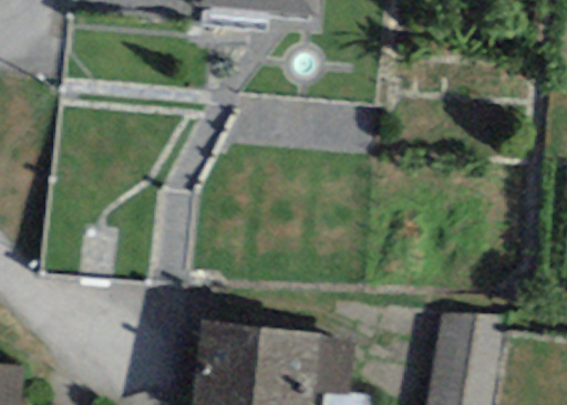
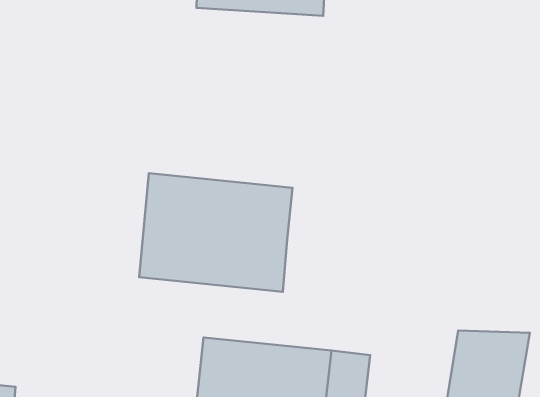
building: none -> [139,173,293,292]

